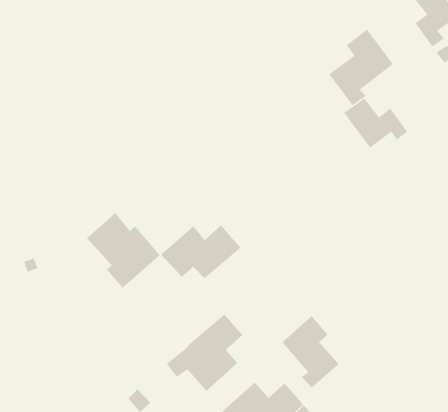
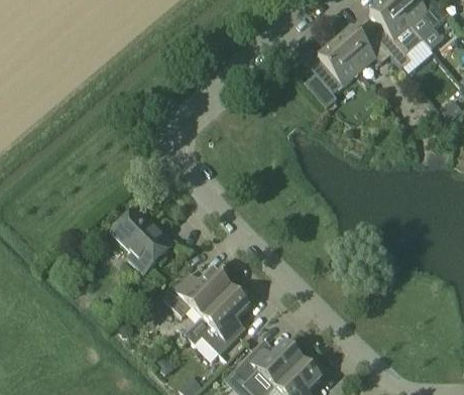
building: [343,97,408,148] -> [335,27,390,70]
building: [160,225,241,279] -> [163,269,231,315]
building: [281,315,340,388] -> none

